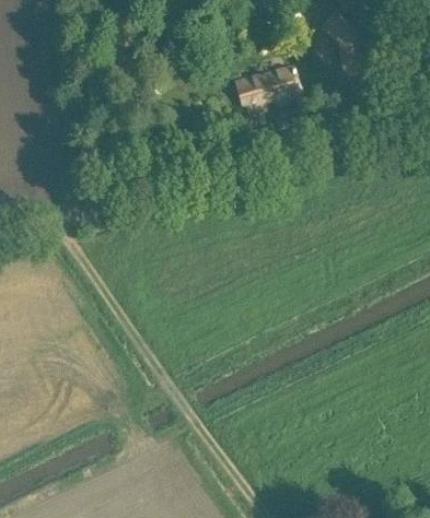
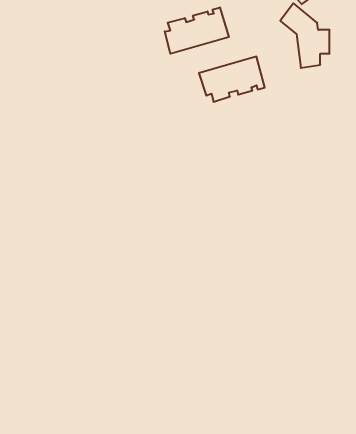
building: none -> [165,7,229,54]

